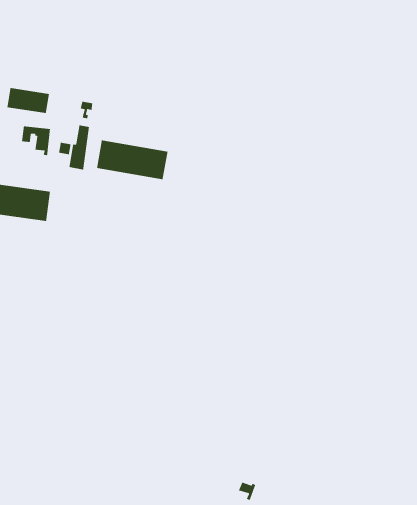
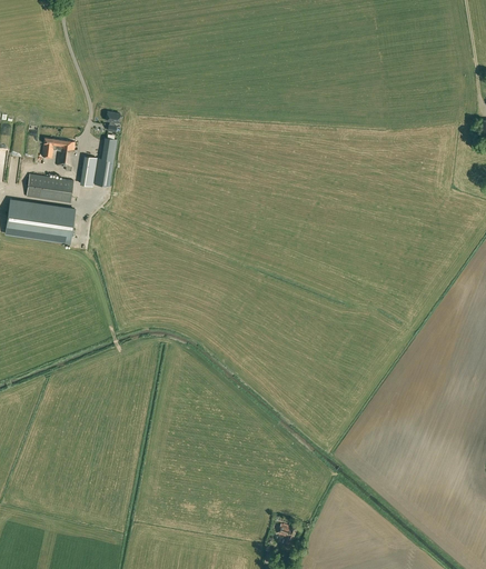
building: [7,87,50,114] -> [27,173,73,202]
building: [96,139,168,180] -> none

